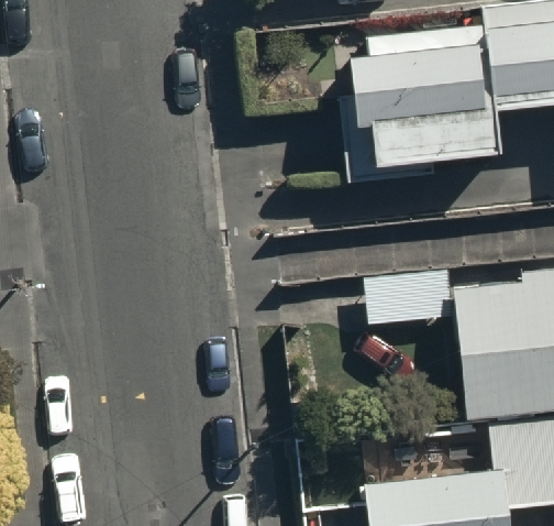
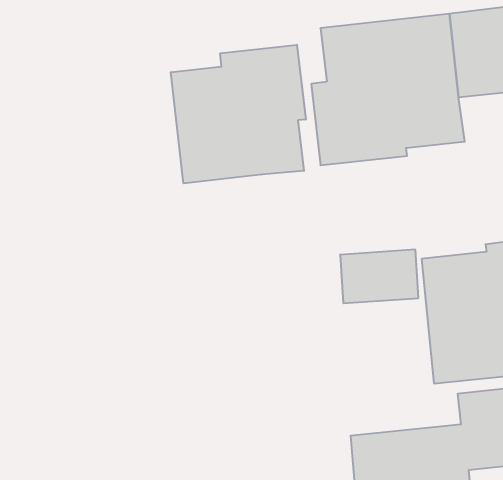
building: none -> [171,45,306,183]

